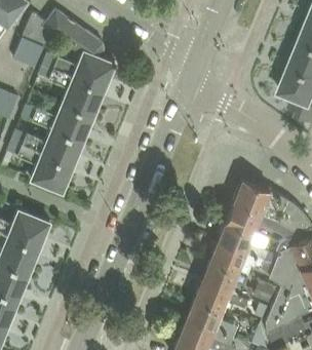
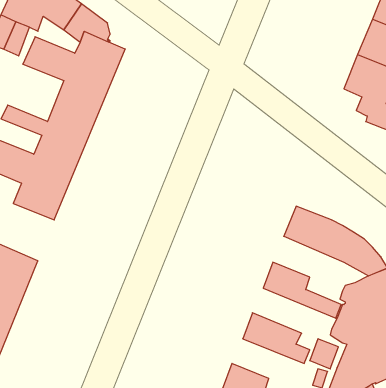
building: [226,203,298,238] -> none
building: [210,242,273,276] -> none
building: [195,280,249,310] -> none

